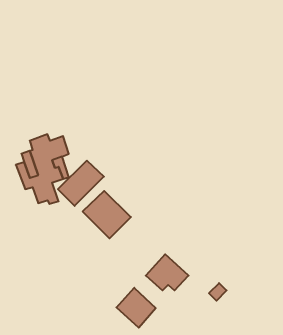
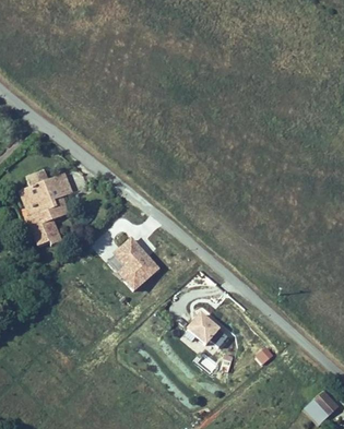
building: [58,161,104,206] -> none
building: [116,288,156,328] -> none

